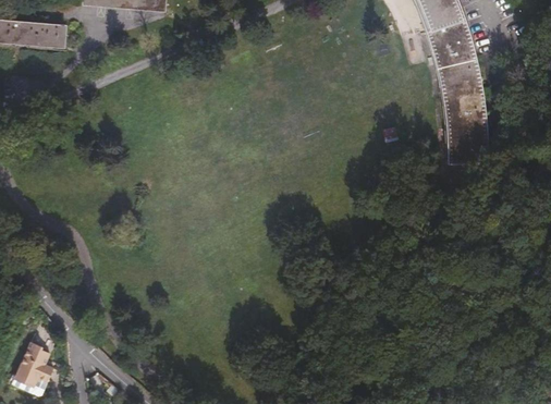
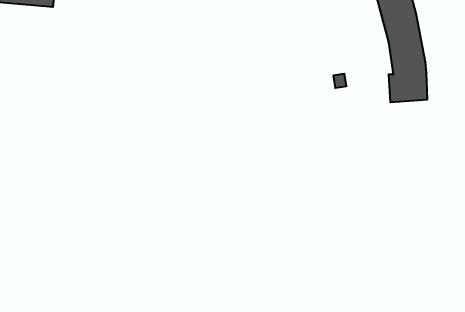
building: [9,339,47,390] -> none

